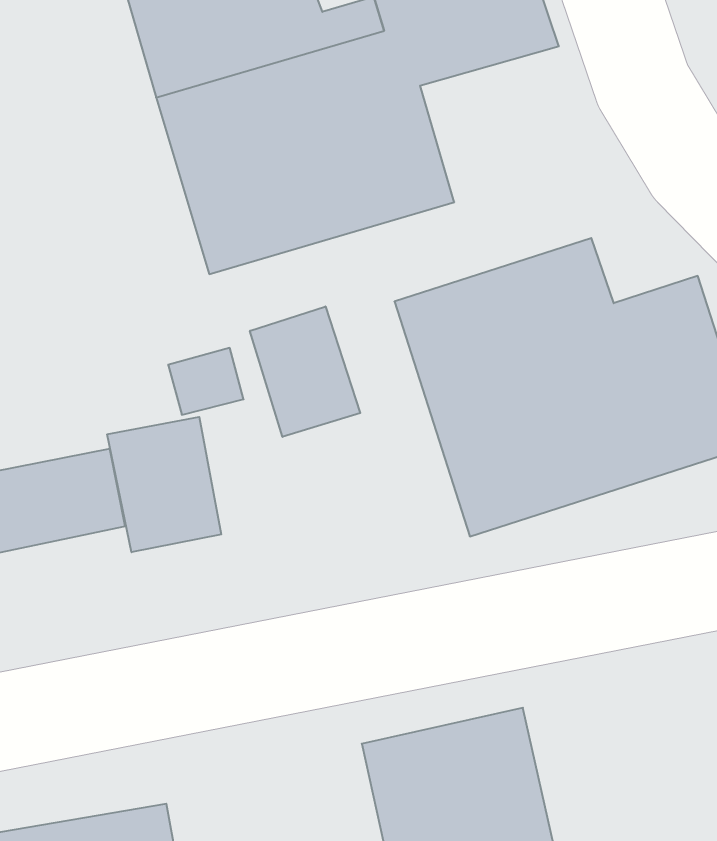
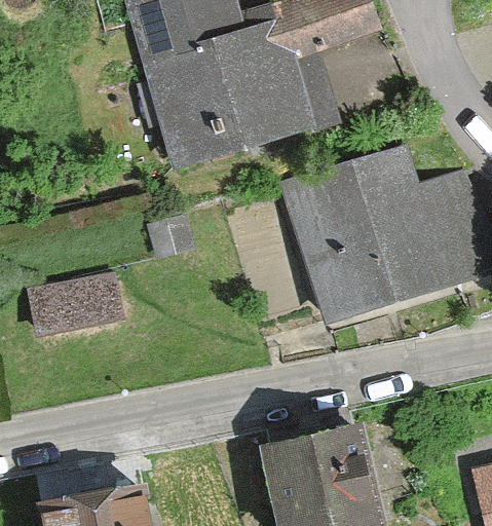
building: [250,306,360,437] -> none
building: [107,417,221,552] -> none

